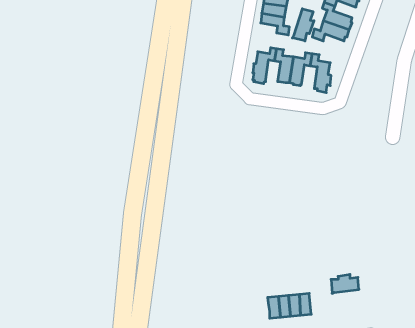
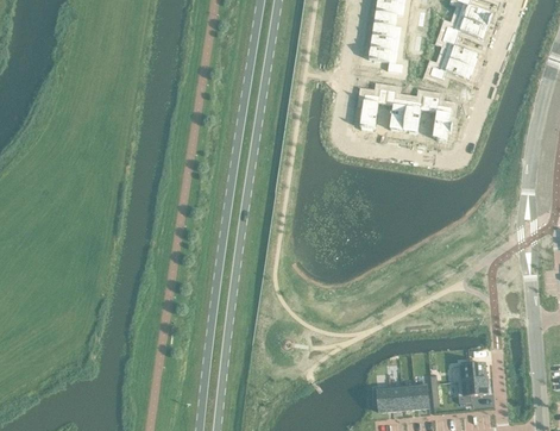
building: [292,9,314,41] -> none
building: none -> [457,377,489,402]

